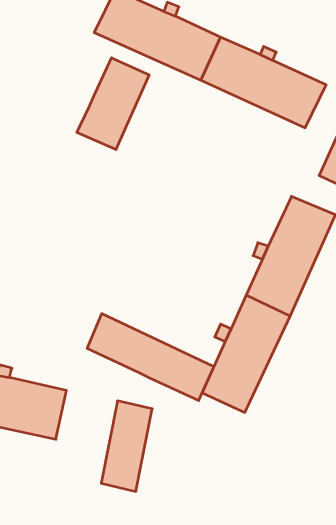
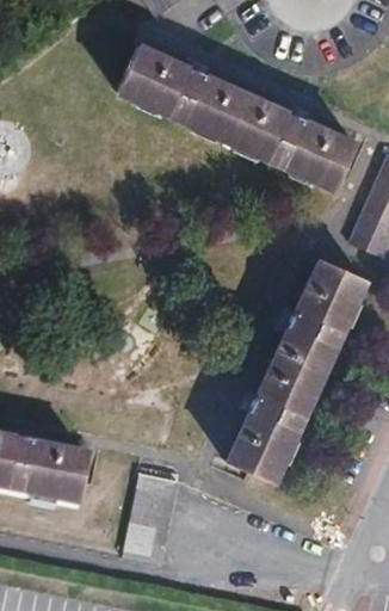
building: [77,58,149,150] -> none
building: [87,314,214,401] -> none

